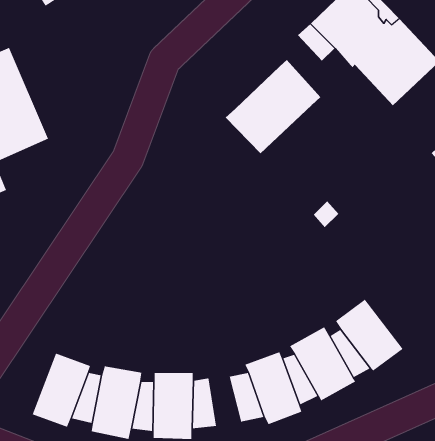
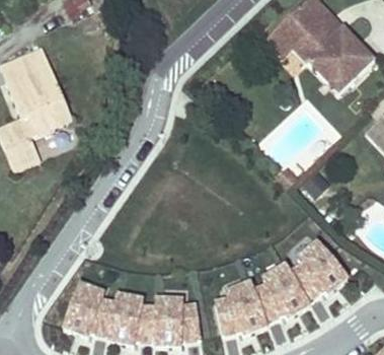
building: [225,59,321,154] -> none

